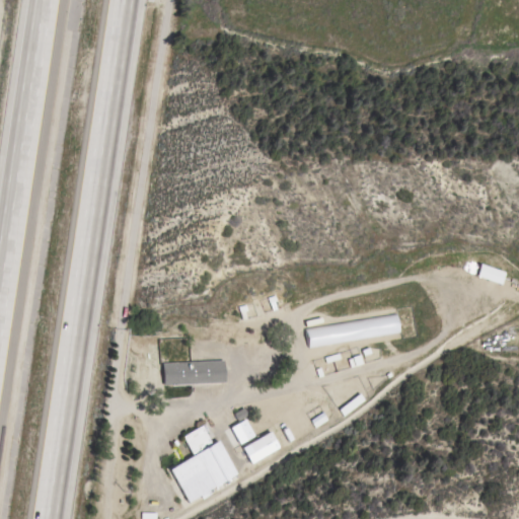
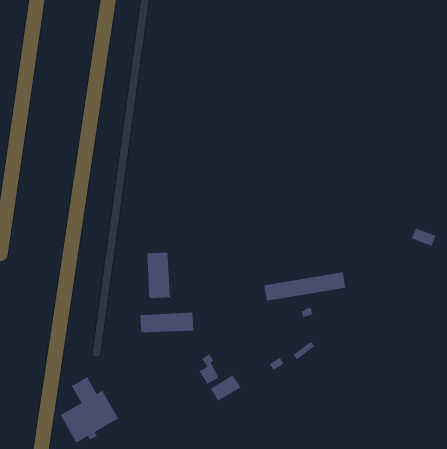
building: none -> [146,252,171,299]
building: [170,425,239,503] -> [60,376,119,444]

